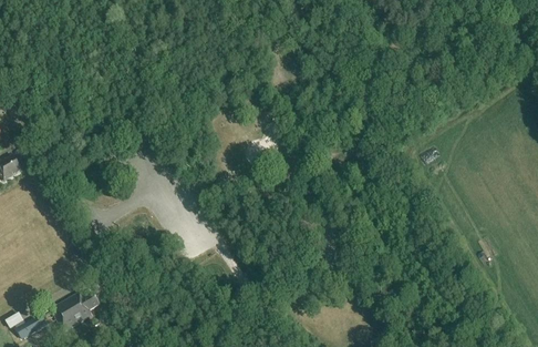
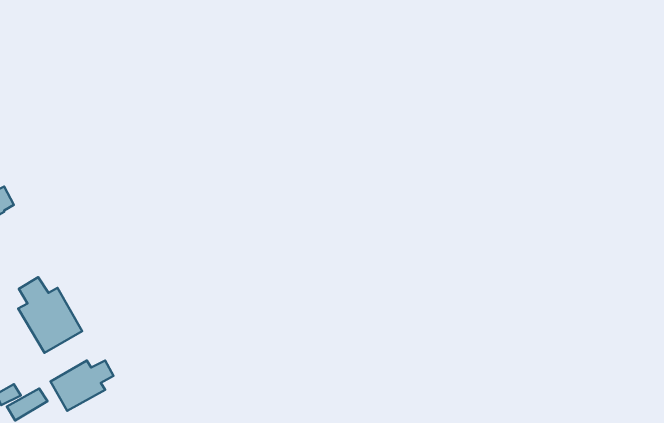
building: none -> [18,277,82,353]

